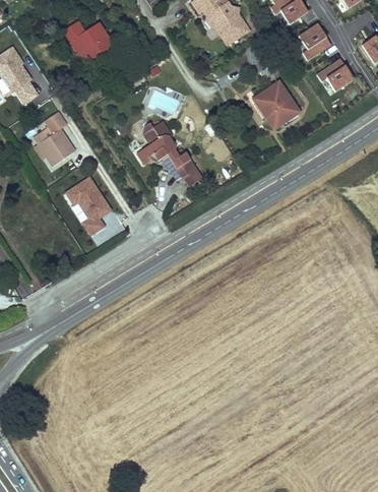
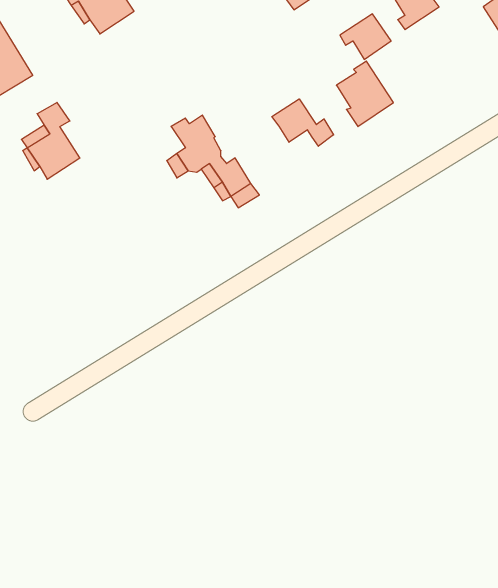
building: [317,58,354,90] -> [340,14,391,59]
building: none -> [272,99,334,146]
building: [62,173,112,243] -> none

